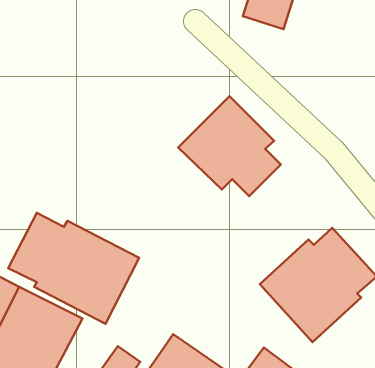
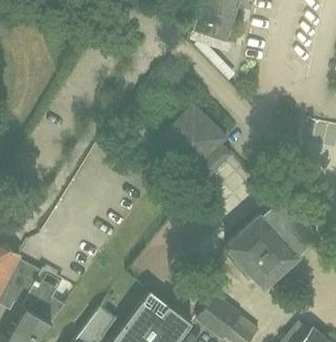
building: [8,213,139,324] -> none

